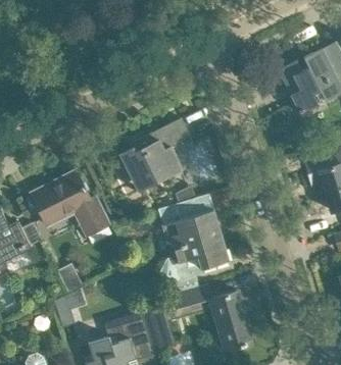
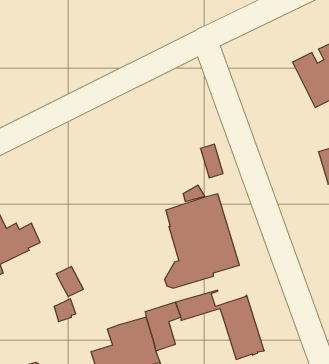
building: [119,118,191,182] -> none
building: [31,171,106,229] -> none

